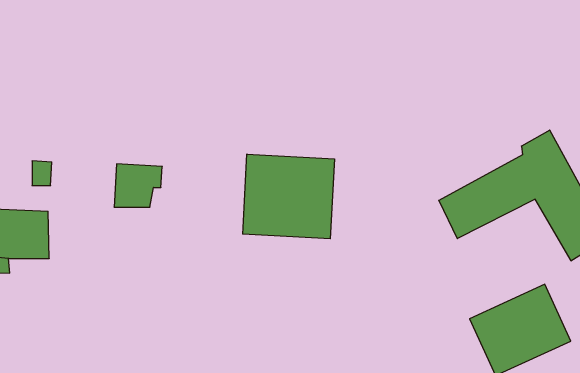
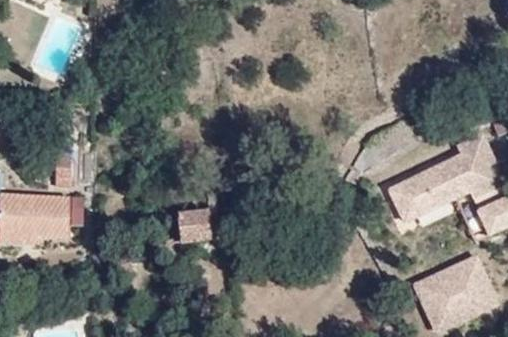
building: [243,154,334,239] -> none
building: [114,164,162,207] -> [177,209,216,244]

